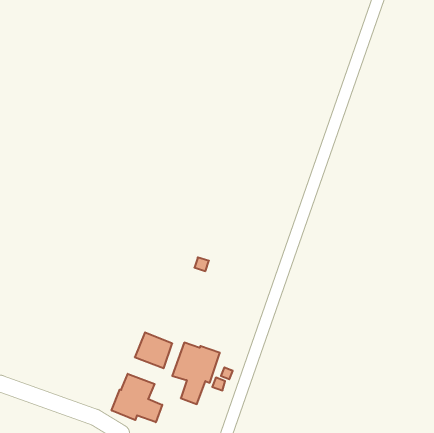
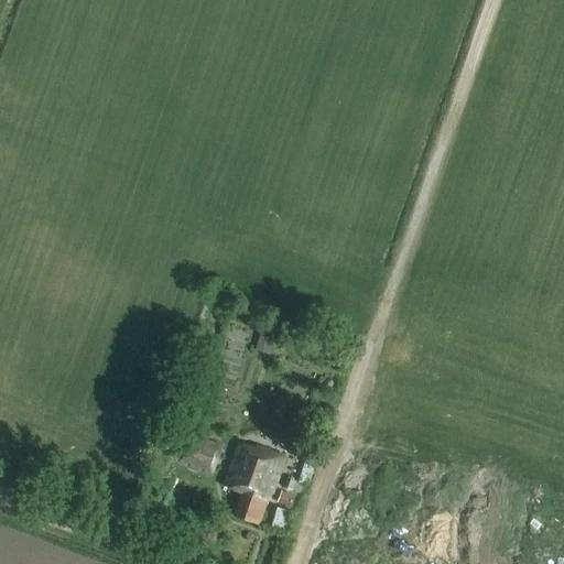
building: [112,374,162,422] -> none

